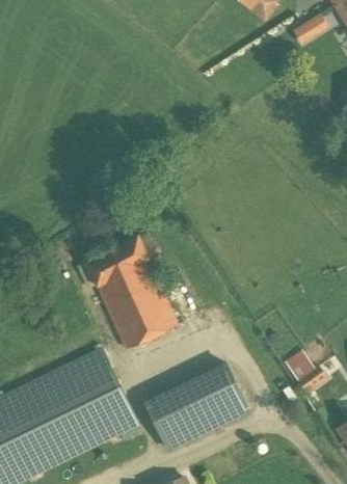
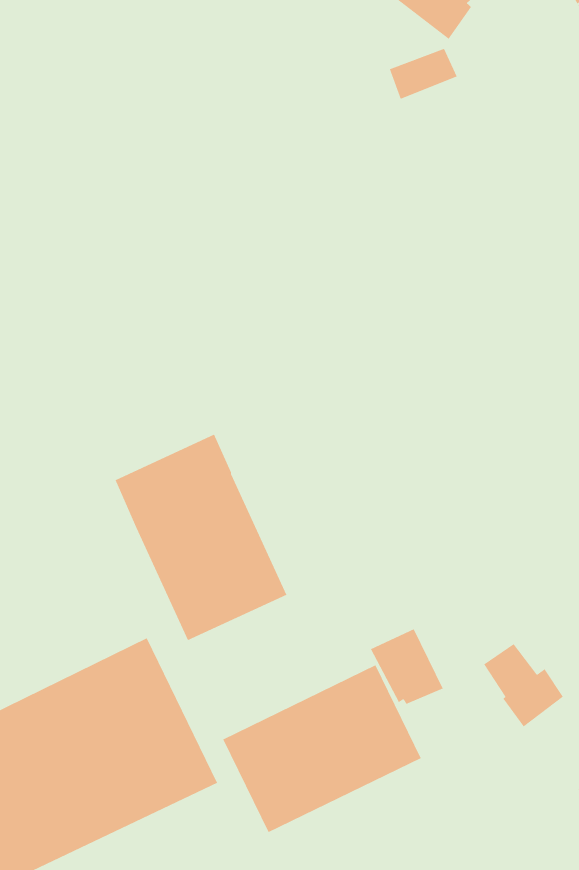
building: [293,15,330,43] -> [389,48,458,100]
building: none -> [370,628,444,705]

